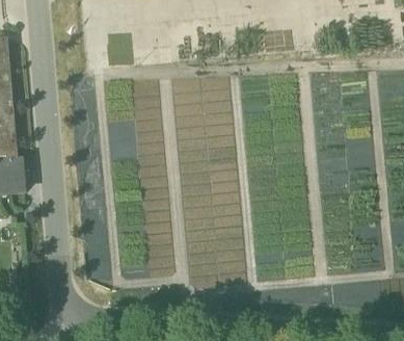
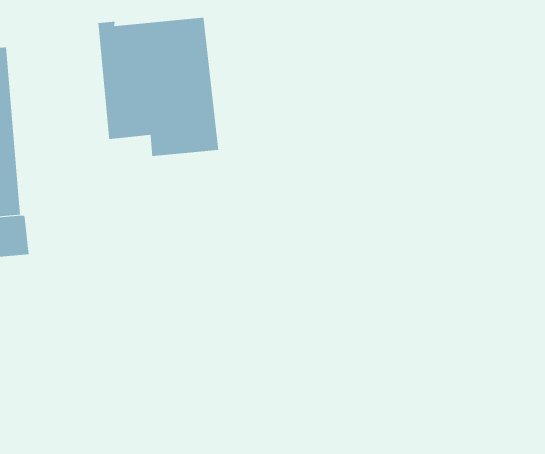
building: none -> [98,17,219,157]

